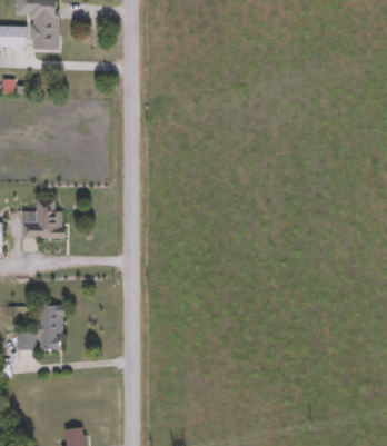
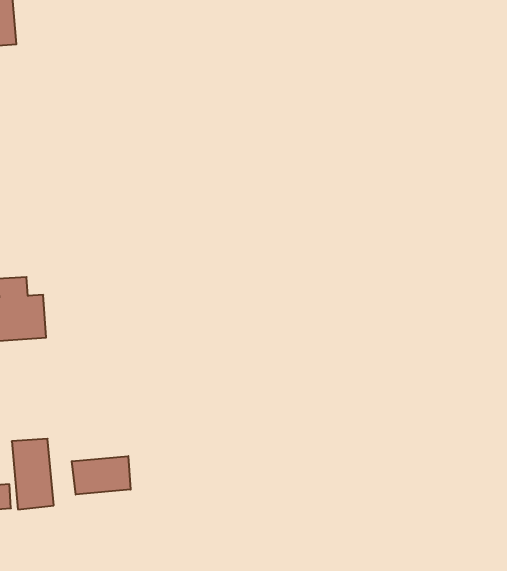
building: none -> [72,456,131,495]

